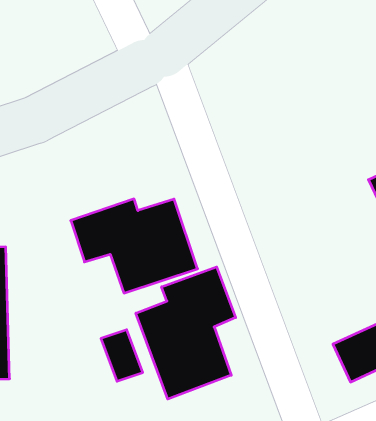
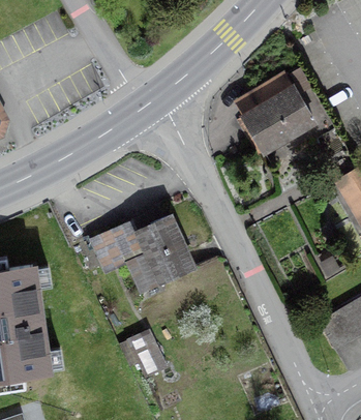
building: none -> [233,66,325,158]
building: [136,267,236,399] -> none

